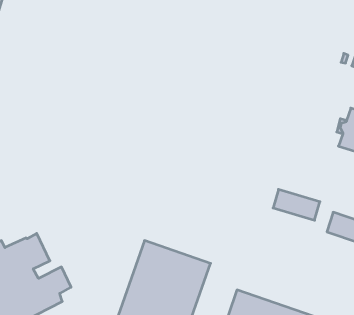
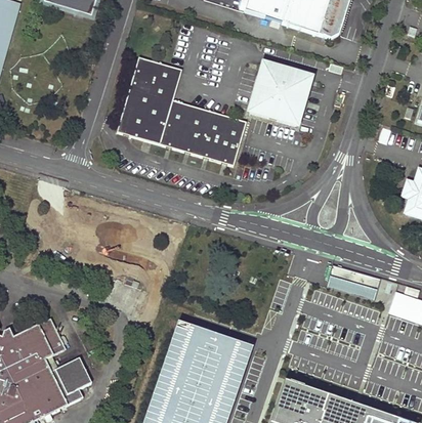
building: none -> [116,56,246,166]
building: none -> [249,65,310,125]

